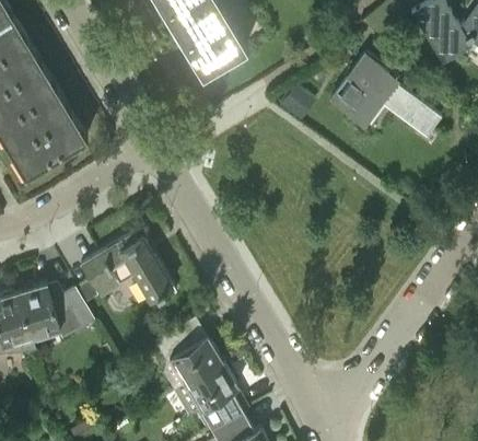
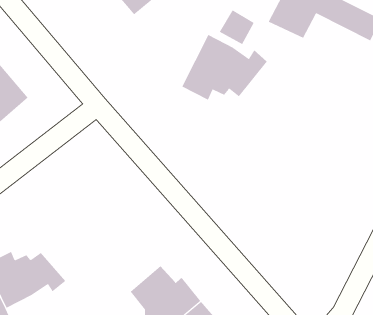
building: none -> [182,34,267,100]
building: [80,229,172,301] -> none

